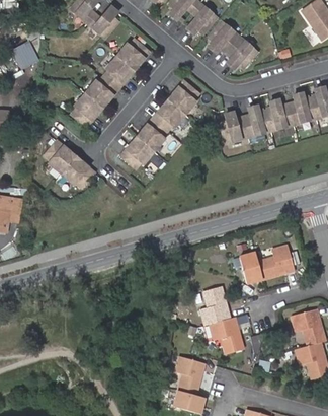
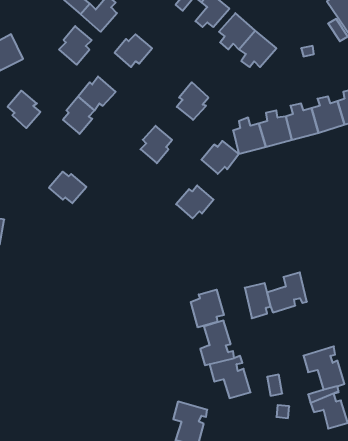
building: [105,55,134,88] -> [59,26,92,65]
building: [155,101,187,130] -> [201,141,239,174]
building: [124,138,156,166] -> [176,185,214,218]
building: [47,139,75,171] -> [8,91,40,128]
building: none -> [191,290,224,327]

